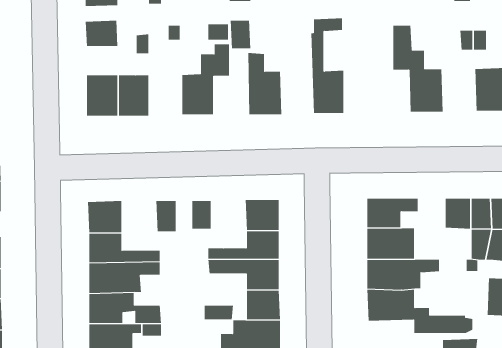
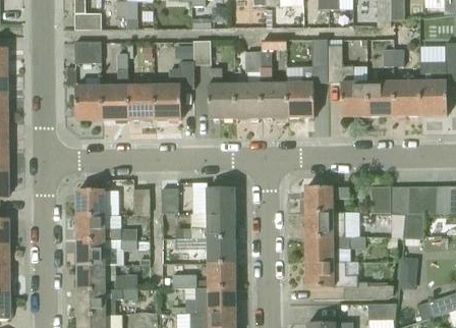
building: none -> [235,51,262,118]
building: none -> [287,66,315,117]
building: none -> [367,80,395,116]
building: none -> [127,86,154,119]

